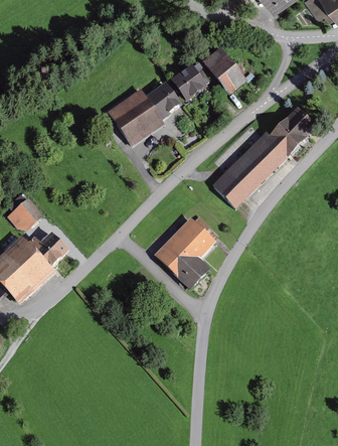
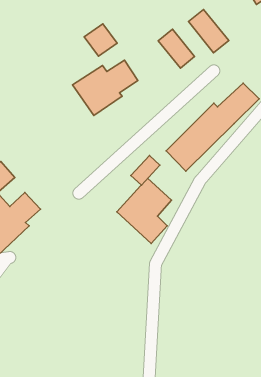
building: none -> [188,9,229,53]
building: [166,65,203,103] -> [84,24,117,56]
building: none -> [131,155,160,185]

